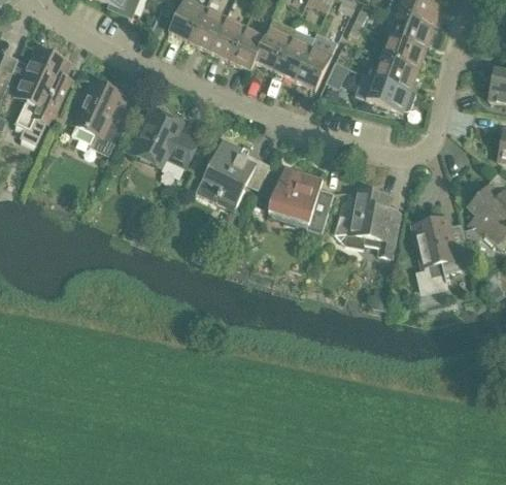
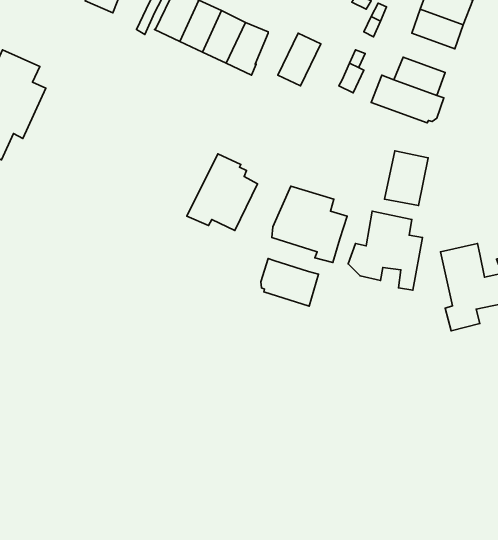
building: [255,24,292,70] -> none
building: [294,32,337,90] -> none
building: [382,34,427,68] -> none
building: [72,78,125,156] -> none
building: [131,107,199,166] -> none
building: none -> [385,151,428,205]
building: none -> [261,259,319,306]

